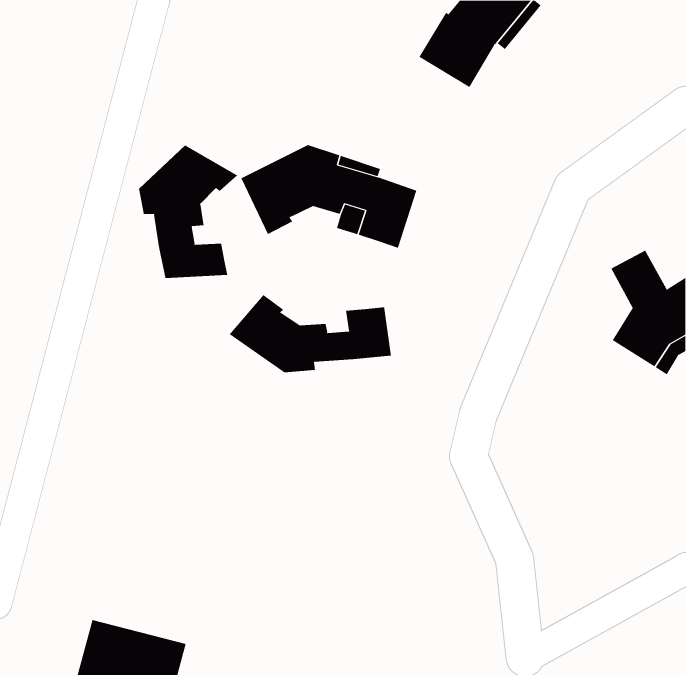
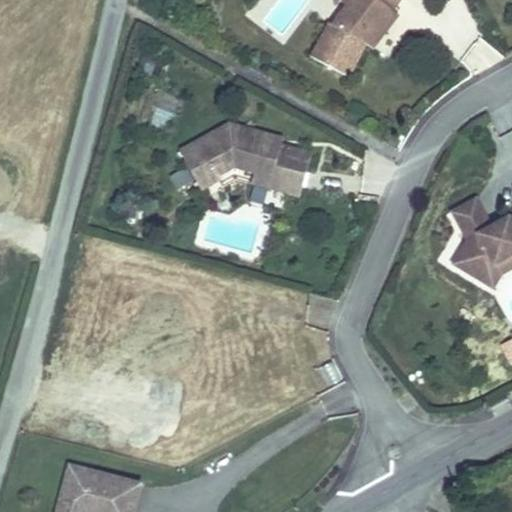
building: [138,144,238,279] -> none
building: [229,294,391,373] -> none

